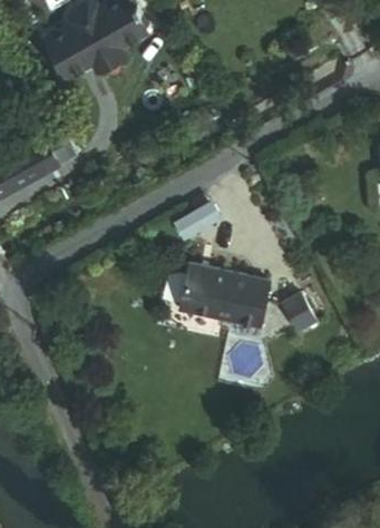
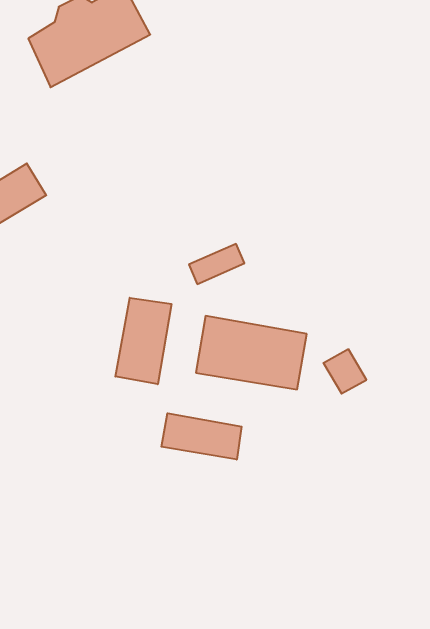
building: none -> [115,298,171,384]
building: none -> [161,413,242,460]

